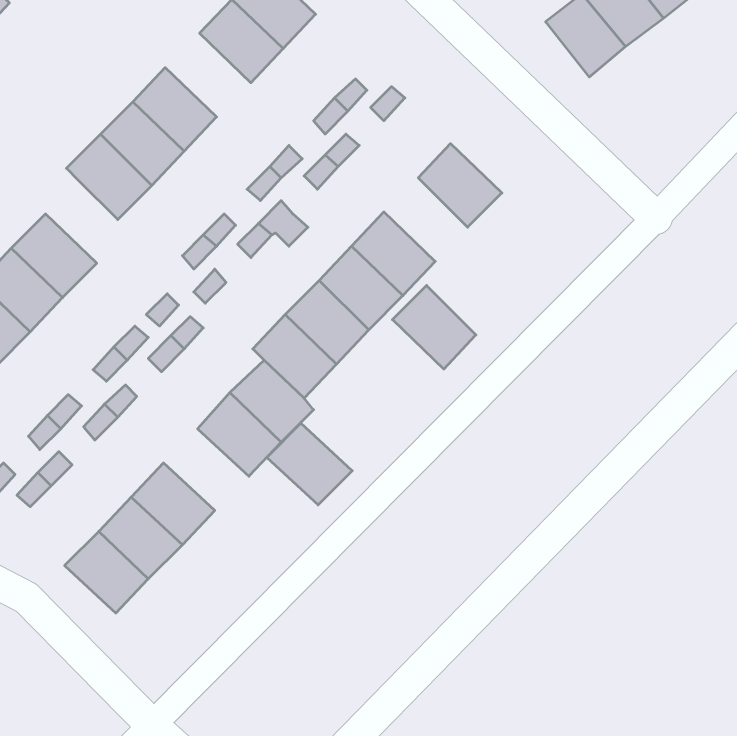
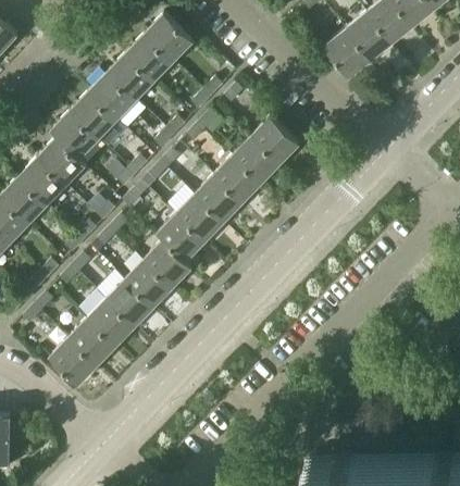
building: none -> [104,55,153,103]
building: none -> [36,139,84,187]
building: [392,285,476,369] -> [229,138,277,186]
building: [267,423,352,505] -> [103,282,152,328]

